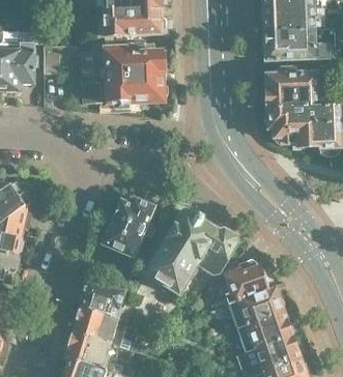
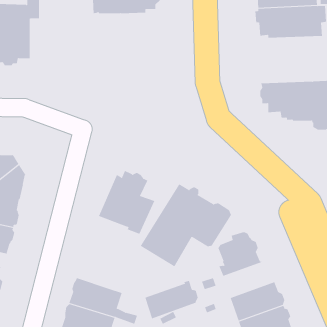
building: [44,44,167,107] -> none
building: [263,65,331,108] -> none
building: [81,279,125,316] -> none
building: [229,286,284,325] -> [144,280,199,319]

